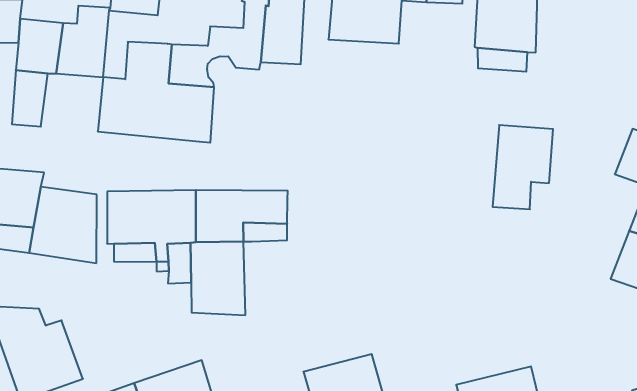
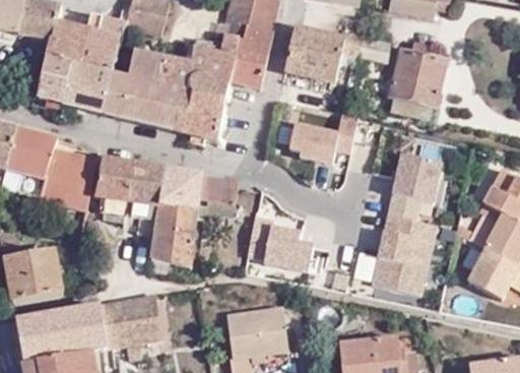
building: none -> [185,70,230,145]
building: none -> [61,63,113,112]
building: none -> [289,113,358,164]
building: none -> [372,213,435,293]
building: none -> [245,214,311,270]

